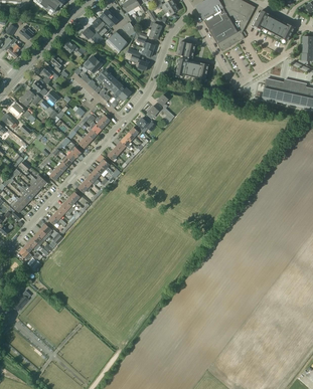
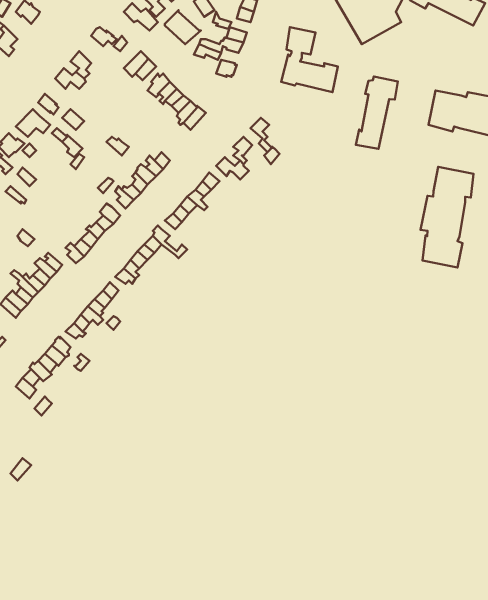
building: none -> [356,76,398,149]
building: none -> [420,167,473,267]

